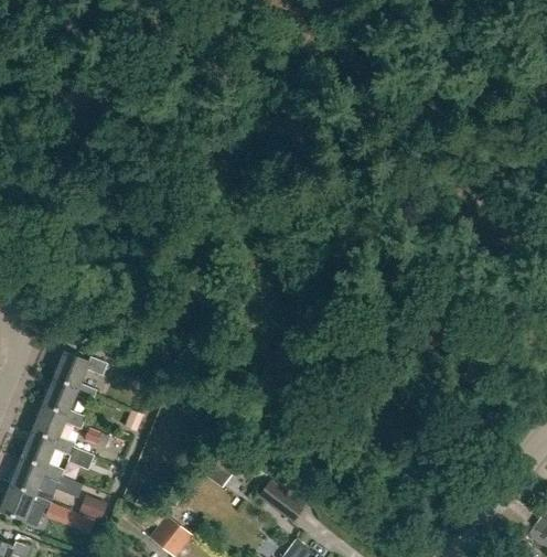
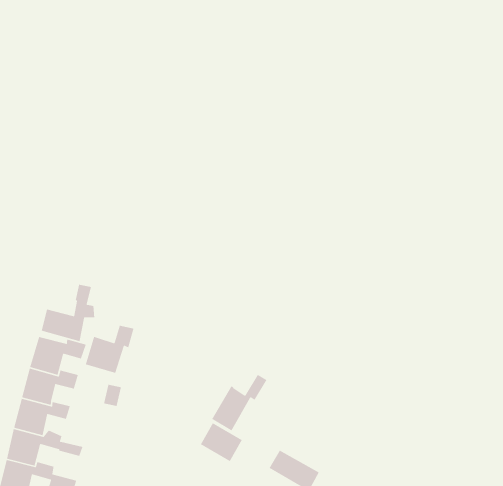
building: none -> [41,284,95,342]
building: none -> [85,325,135,374]
building: none -> [211,374,268,431]

